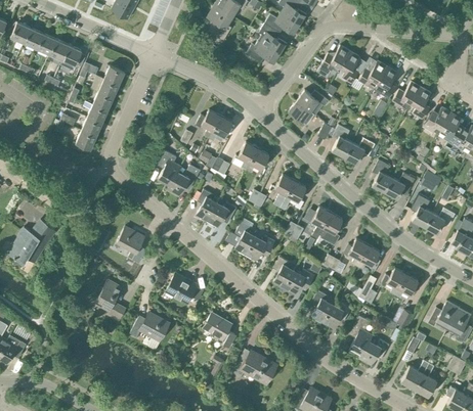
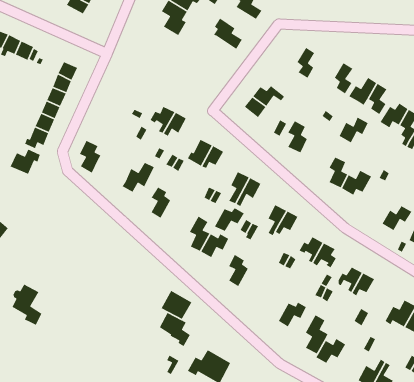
building: [265,12,301,35] -> none
building: [247,41,282,63] -> none
building: [317,45,350,78] -> none
building: [358,60,387,90] -> none
building: [345,137,375,164] -> [339,116,369,143]
building: [158,150,180,184] -> [79,140,102,174]
building: none -> [10,148,41,175]
building: [413,194,433,226] -> none
building: [207,201,238,226] -> [214,207,245,232]
building: [118,226,147,263] -> none
building: [284,269,313,293] -> none
building: [166,272,198,302] -> [160,290,193,320]
building: [95,279,126,321] -> [11,283,43,326]
building: [311,289,333,322] -> none
building: [130,312,168,350] -> none

